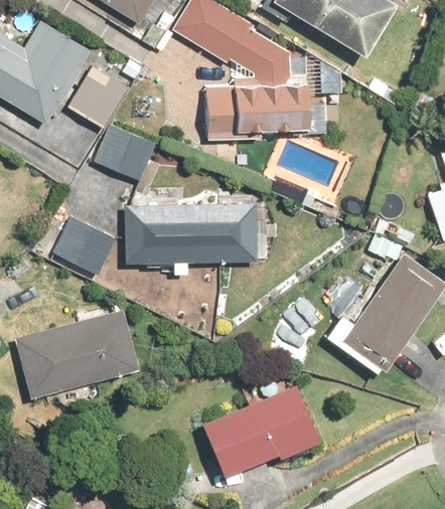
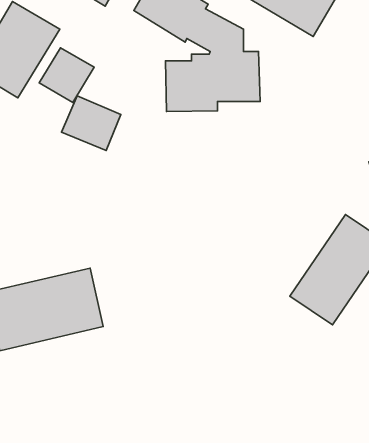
building: [125,203,258,264] -> none
building: [51,215,118,277] -> none
building: [199,384,321,482] -> none

